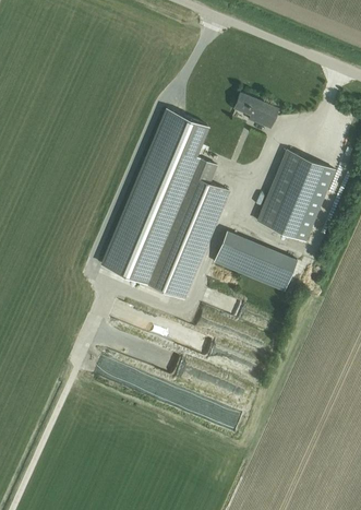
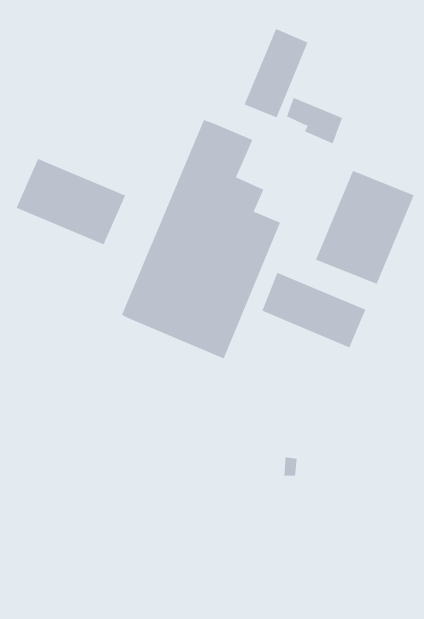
building: none -> [244,28,308,118]
building: none -> [16,158,126,245]

